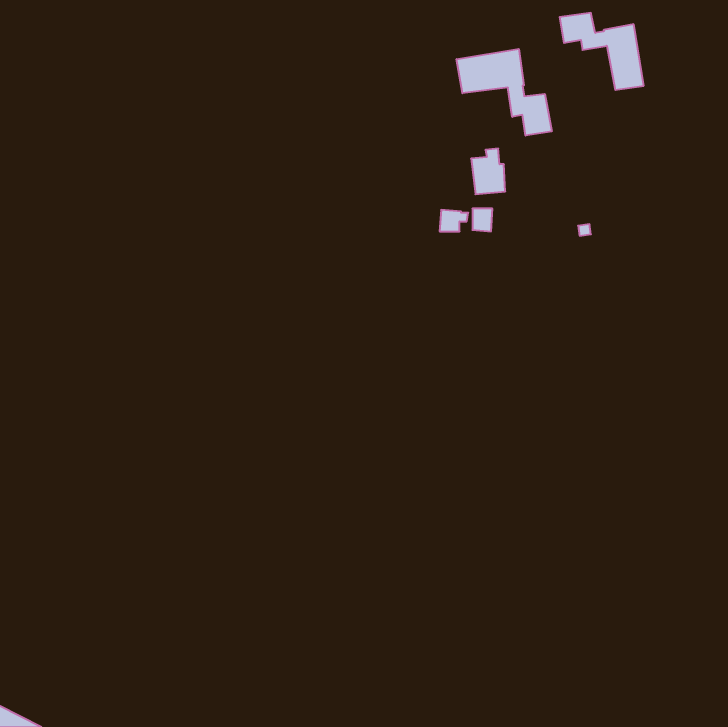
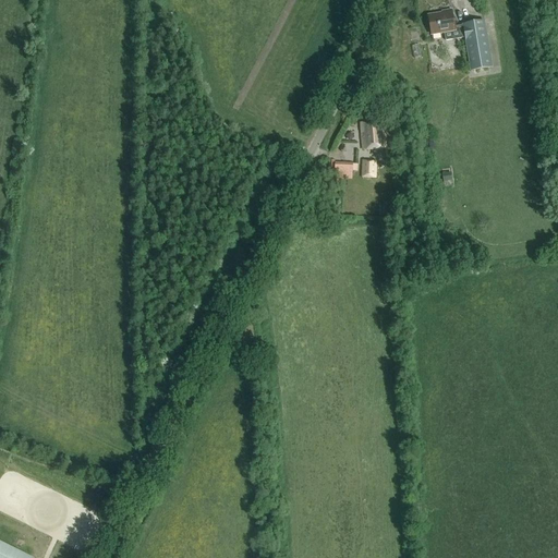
building: [457,49,552,136] -> none

